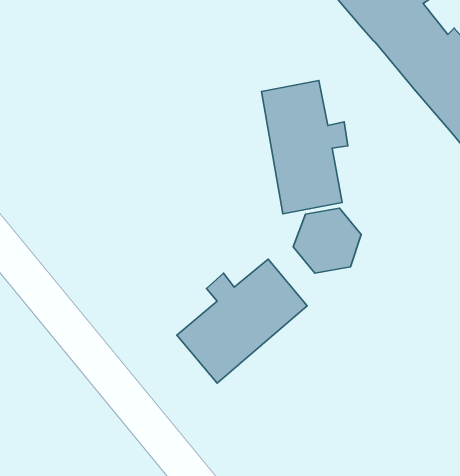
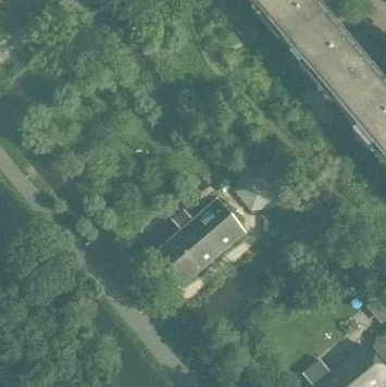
building: [262,80,348,214] -> none

